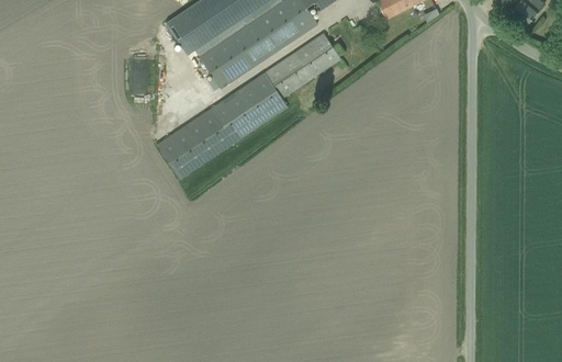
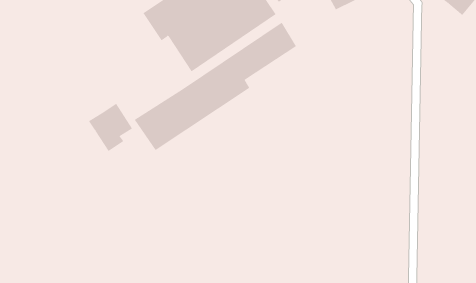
building: none -> [88,103,133,152]

